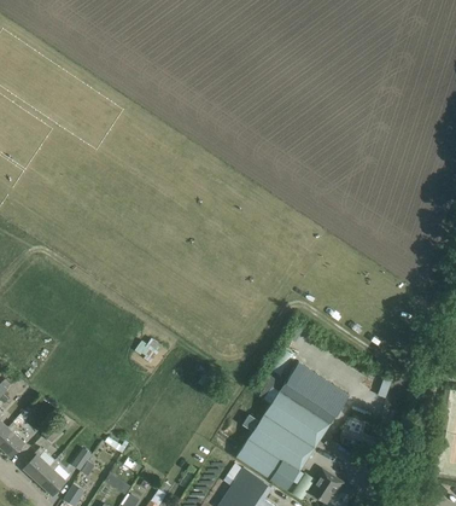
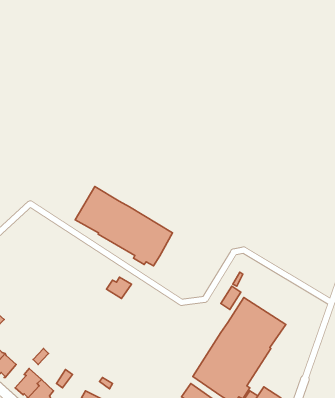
building: none -> [75,187,173,266]

